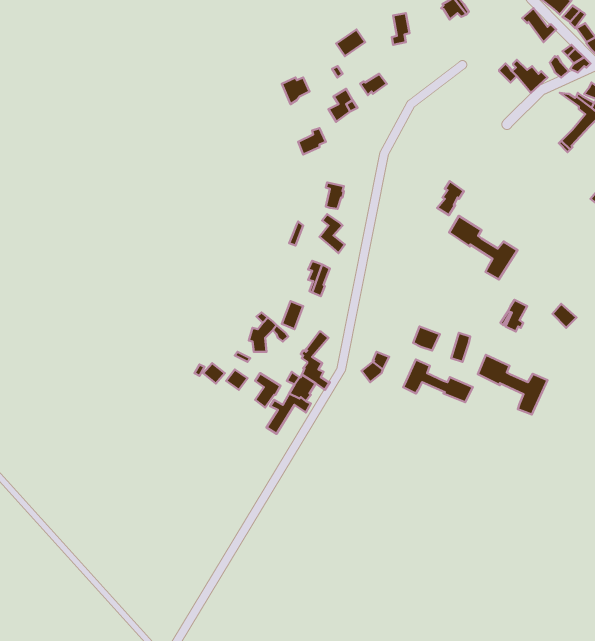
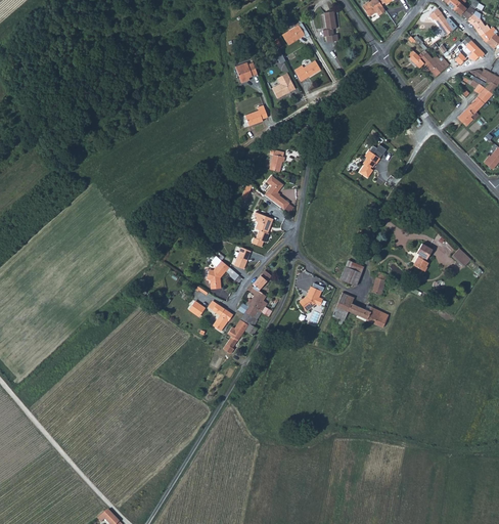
building: [449,216,517,280] -> none
building: [478,355,547,415] -> none

